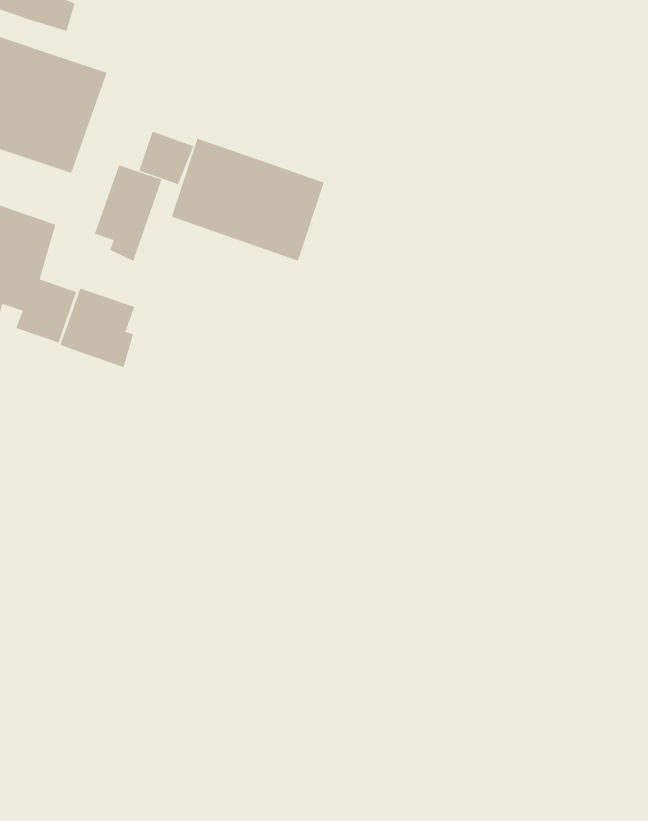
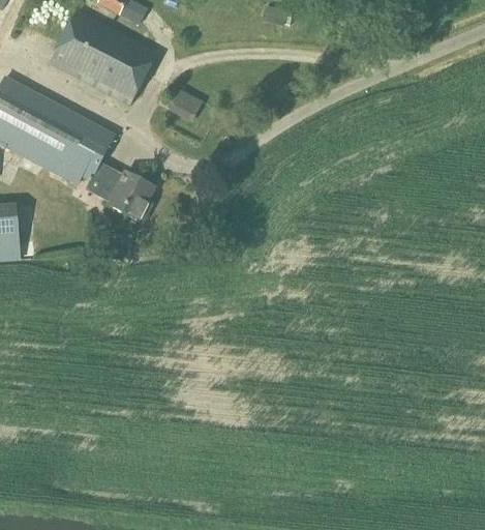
building: [171,138,324,262] -> none
building: [94,164,162,262] -> none

